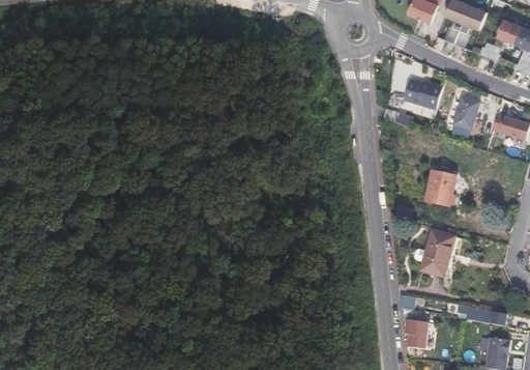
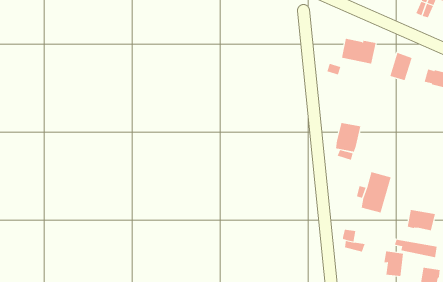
building: [426,172,455,205] -> [335,122,361,152]
building: none -> [407,209,435,231]
building: [406,320,429,349] -> [384,251,404,277]

